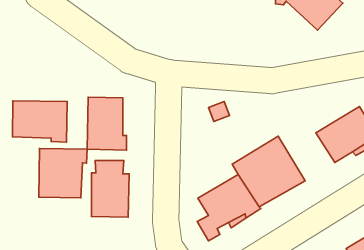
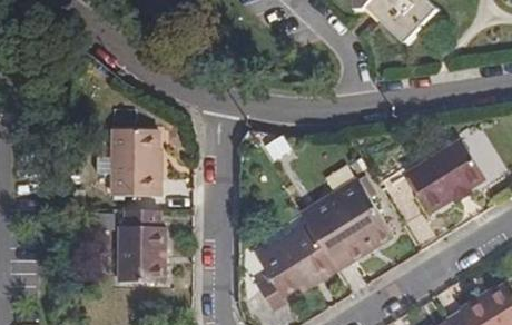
building: [12,101,67,142] -> none
building: [39,149,87,198] -> none

